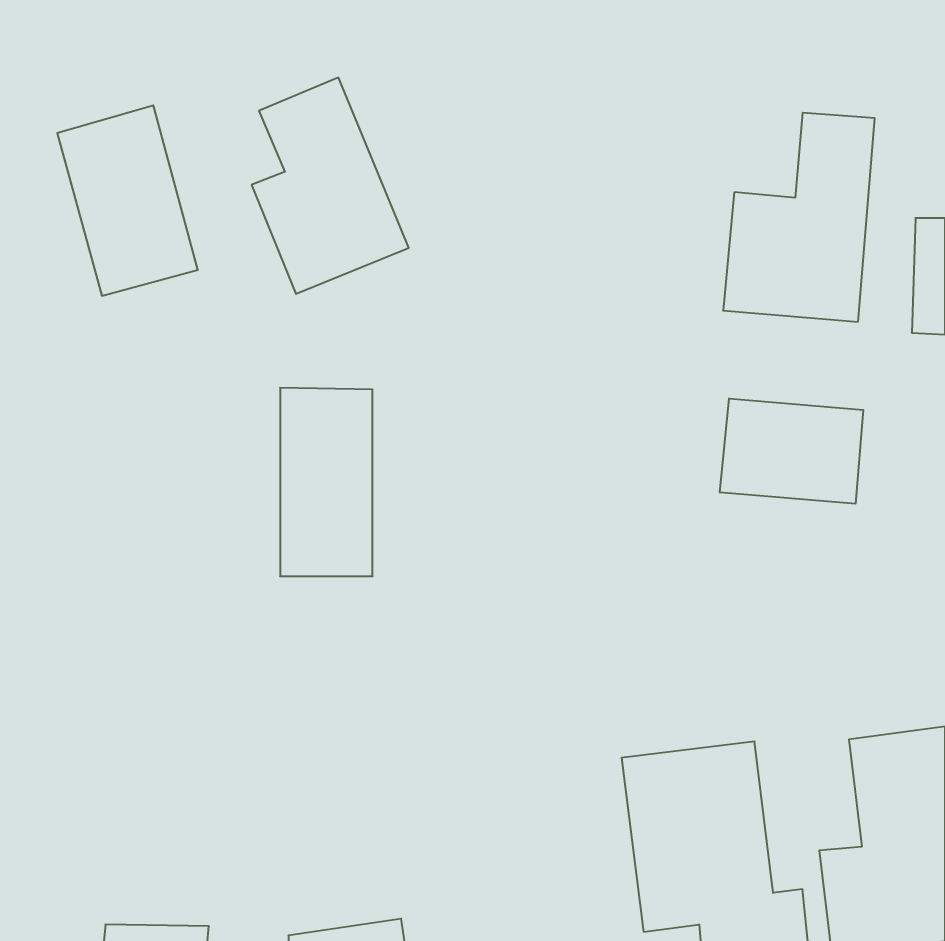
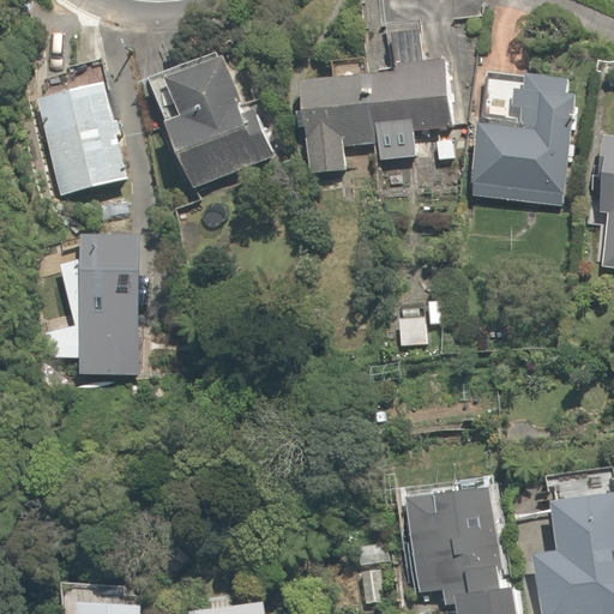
building: none -> [297,61,456,175]
building: [280,388,373,576] -> [78,237,138,360]
building: [720,398,863,504] -> none

